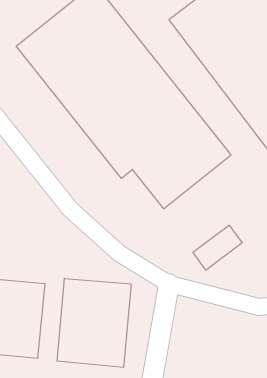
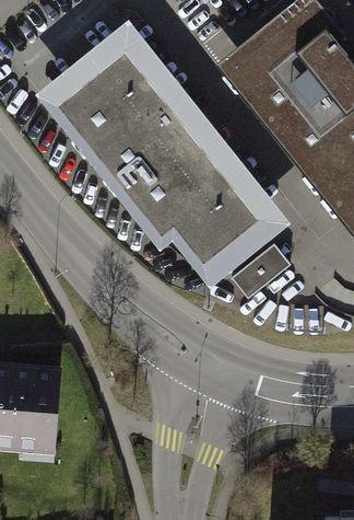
building: [193,225,242,270] -> [231,243,290,297]
building: [57,278,131,367] -> none

